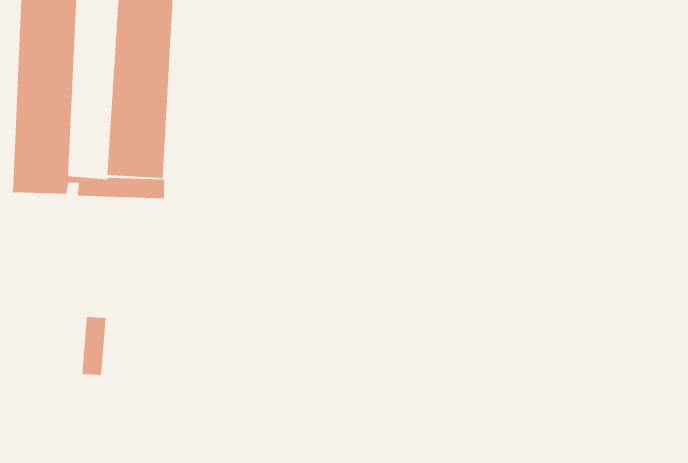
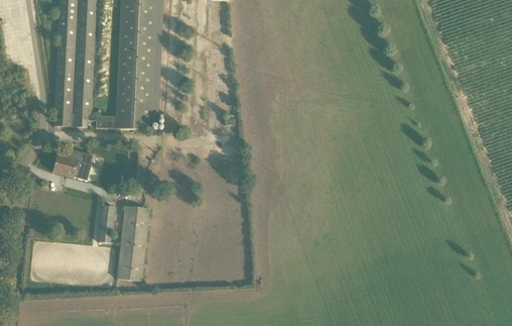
building: none -> [52,148,93,180]
building: none -> [116,205,148,281]

